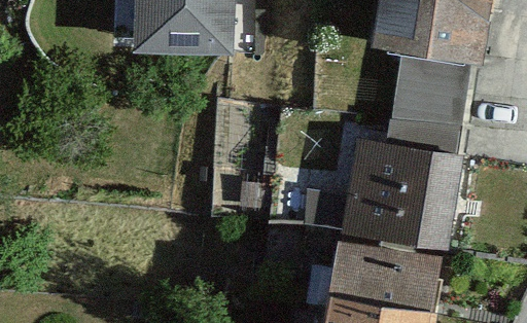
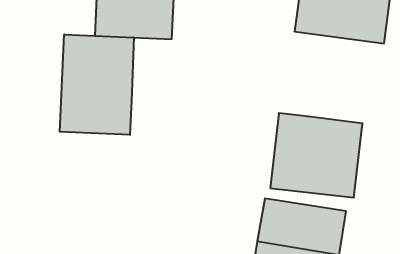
building: none -> [60,34,134,135]
building: [391,57,466,154] -> none

